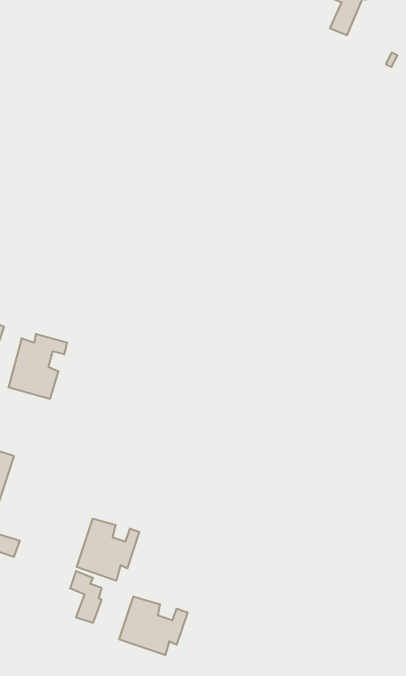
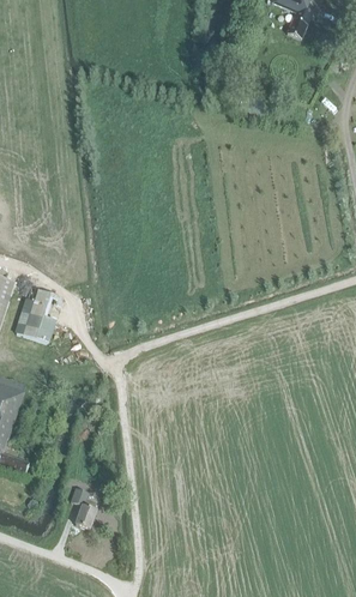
building: [77,519,139,581] -> none
building: [119,596,188,655] -> none

